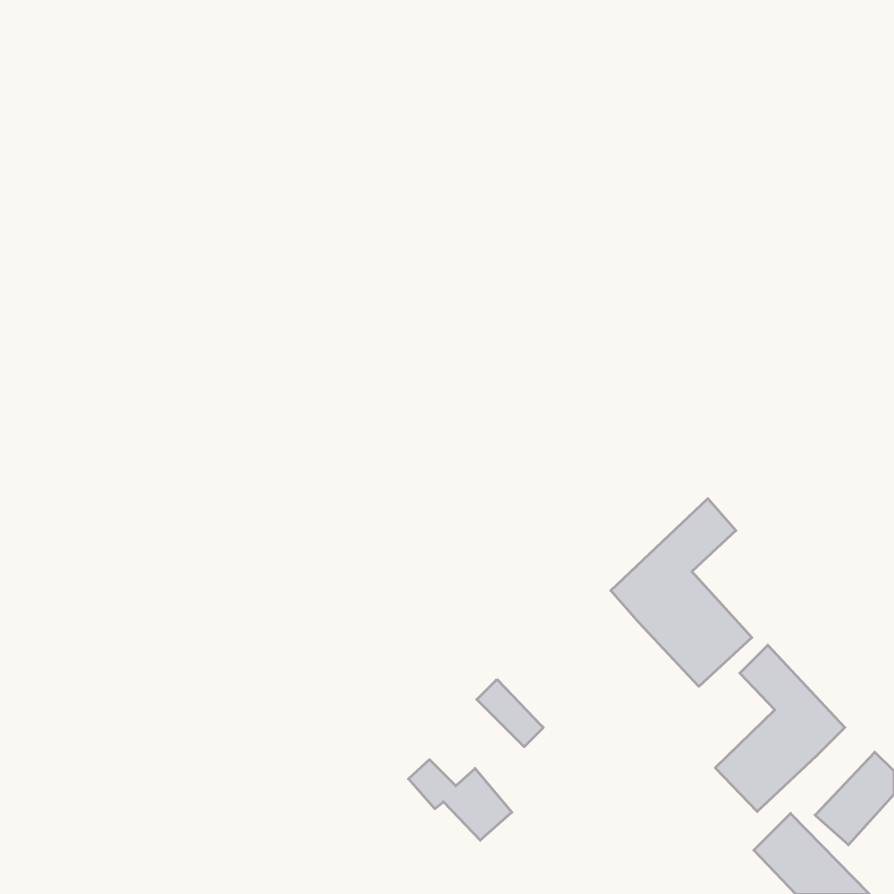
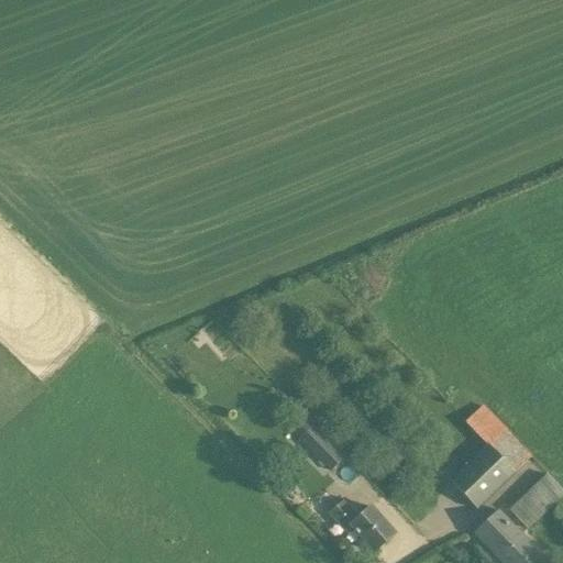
building: [611,499,752,686] -> none
building: [408,760,512,840] -> [328,500,393,551]

